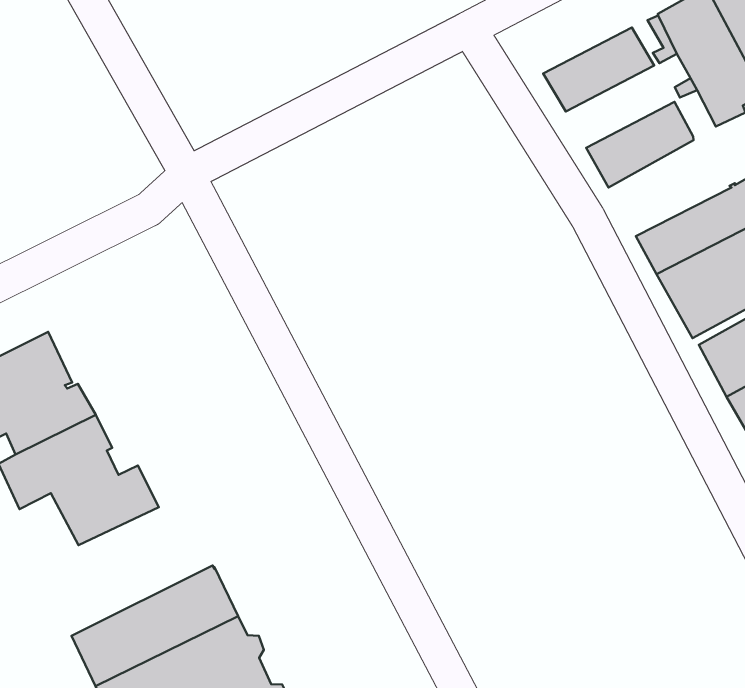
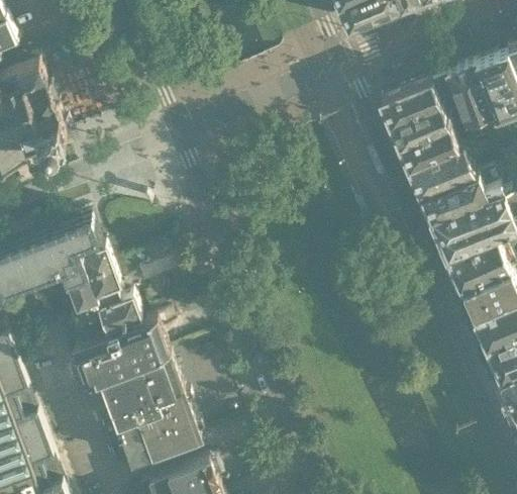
building: none -> [389,109,449,151]
building: none -> [408,150,476,202]
building: none -> [73,322,169,389]

